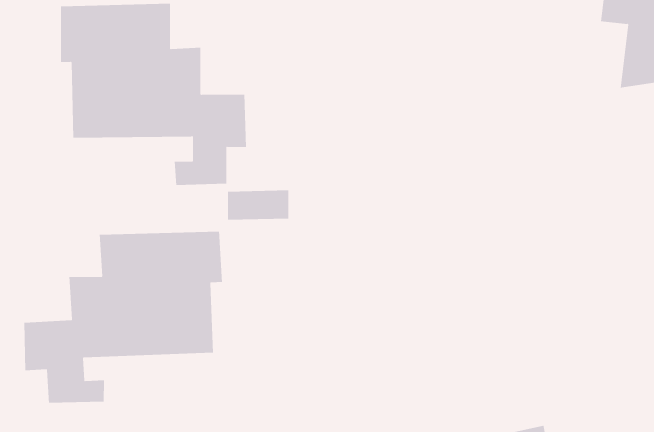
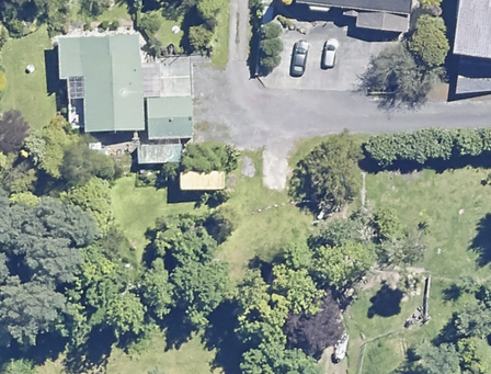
building: [24,231,222,403] -> none

